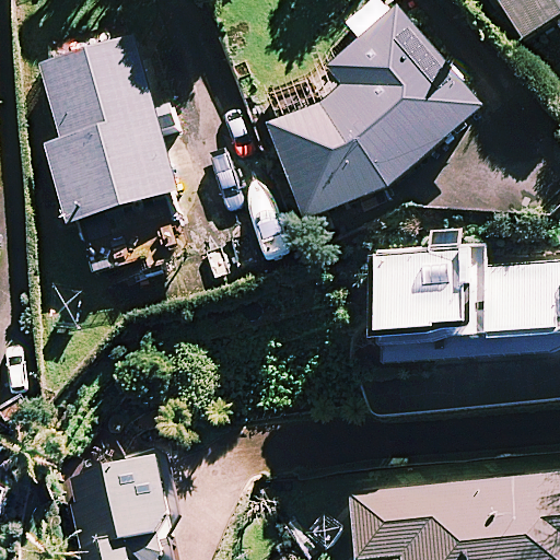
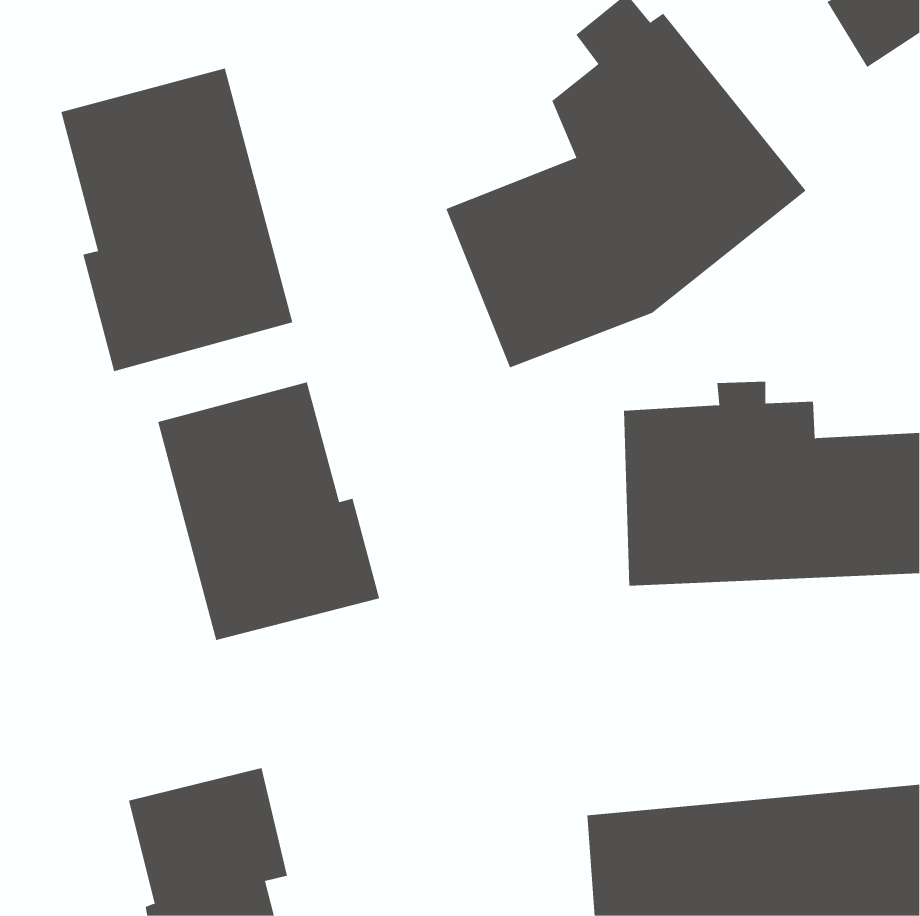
building: none -> [157,382,380,641]

